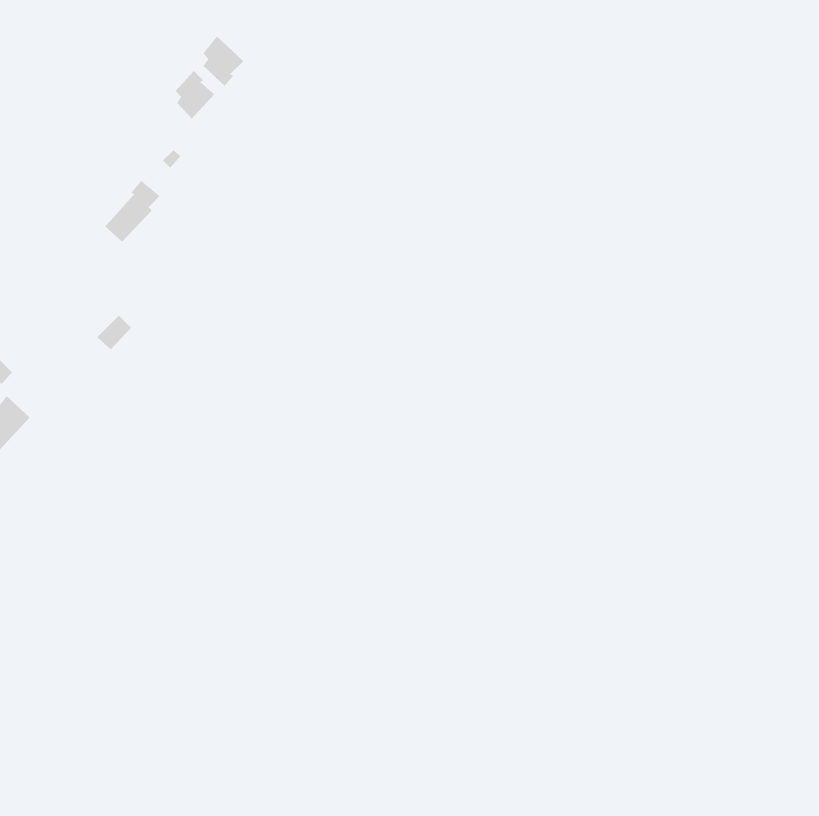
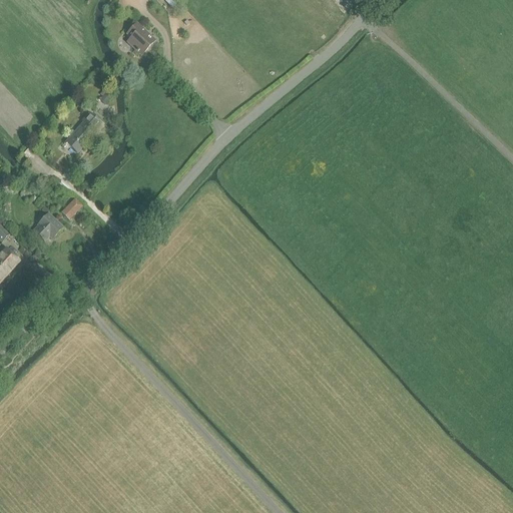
building: [175,70,215,119] -> none
building: none -> [32,212,62,240]

